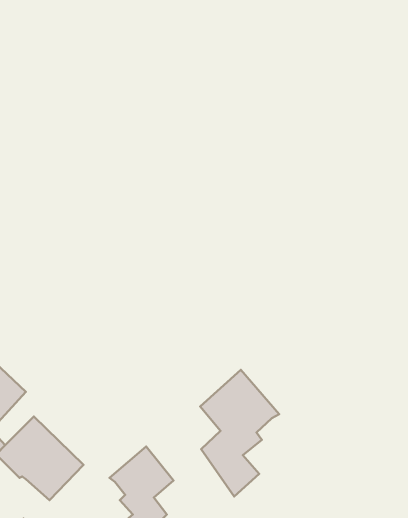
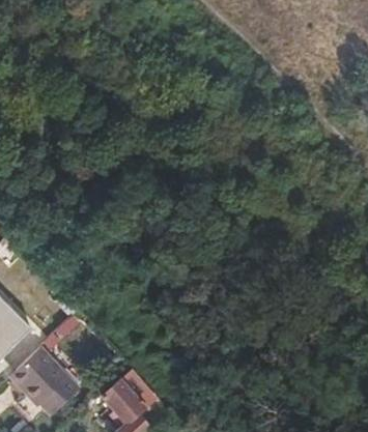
building: [200,370,279,496] -> none

